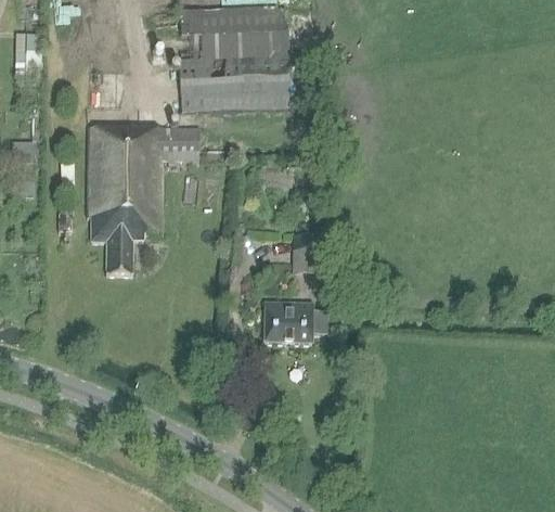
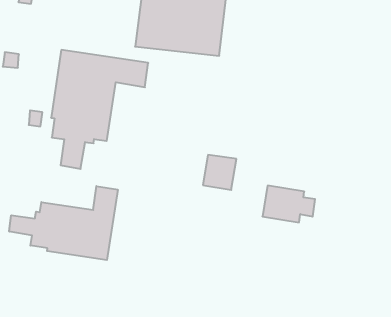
building: none -> [9,186,118,260]
building: [264,303,328,344] -> [262,186,315,222]

